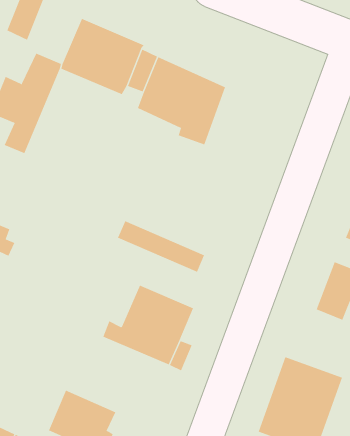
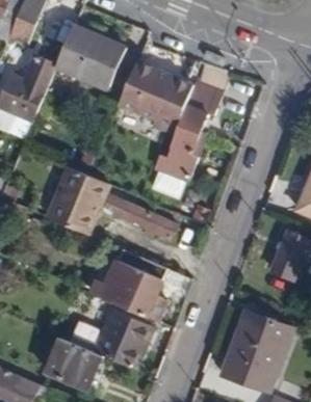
building: none -> [153,81,222,198]
building: none -> [46,168,106,234]
building: none -> [93,310,153,368]

